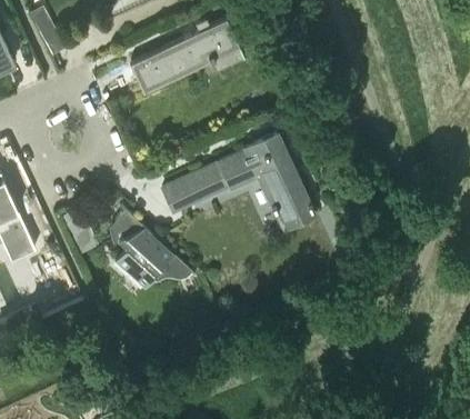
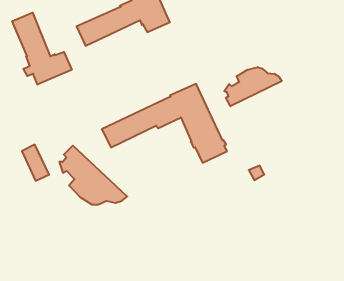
building: none -> [12,13,72,85]
building: none -> [224,67,282,106]

